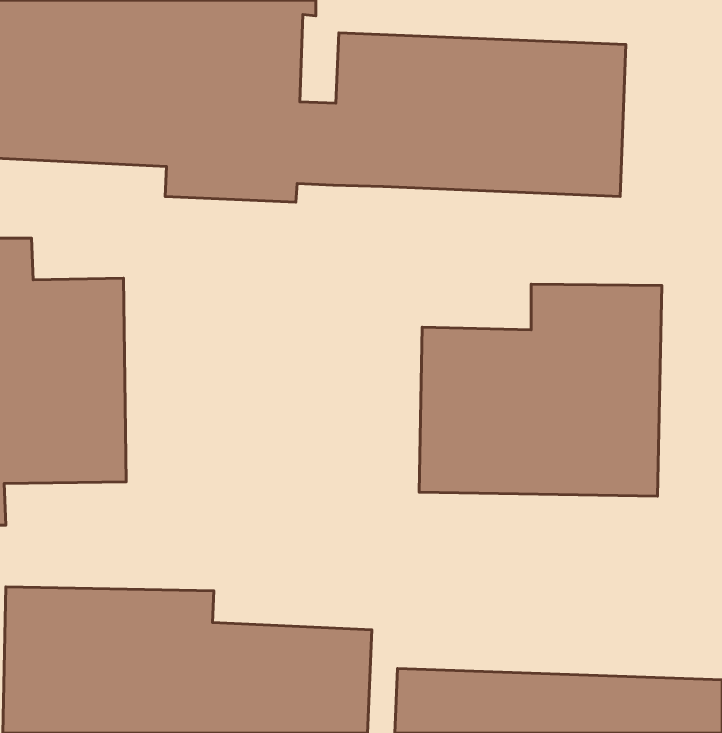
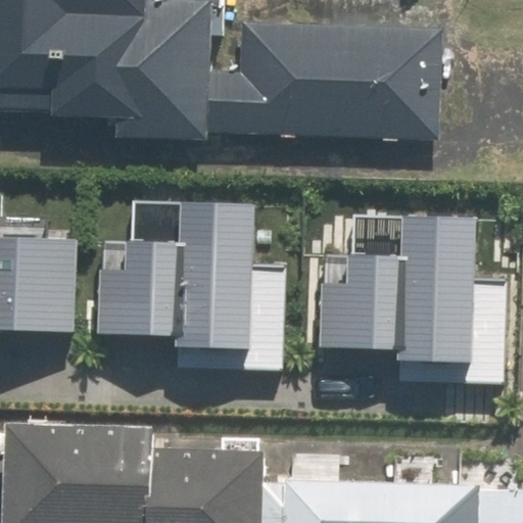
building: none -> [108,196,245,351]

